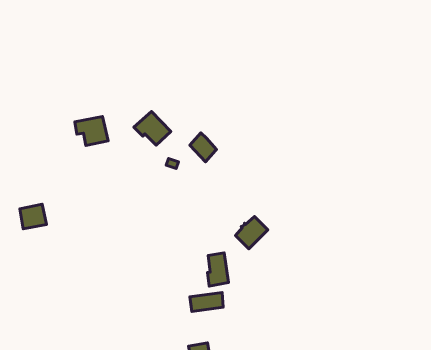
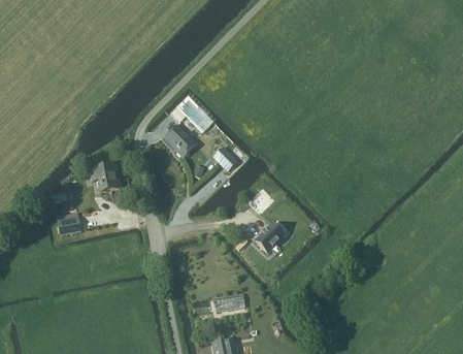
building: none -> [177,95,214,132]
building: [75,116,108,145] -> [90,165,121,192]
building: [208,253,228,286] -> none

